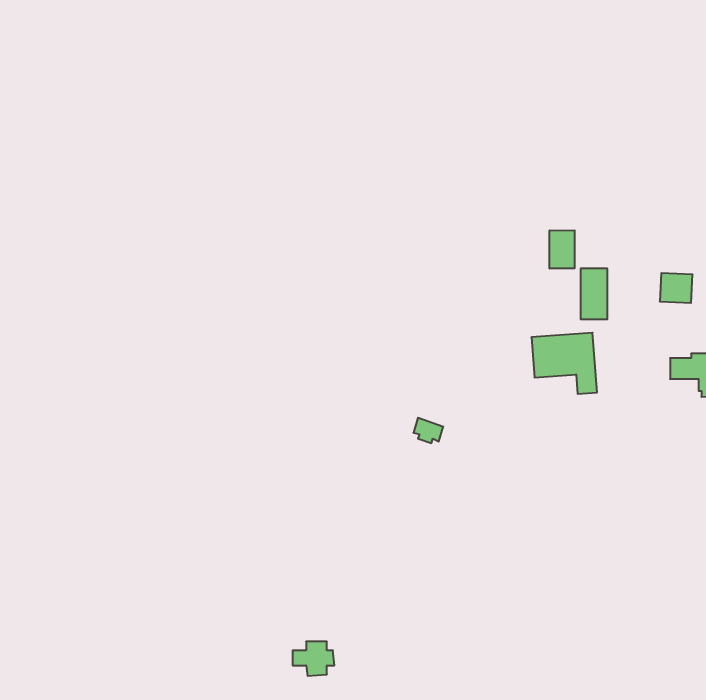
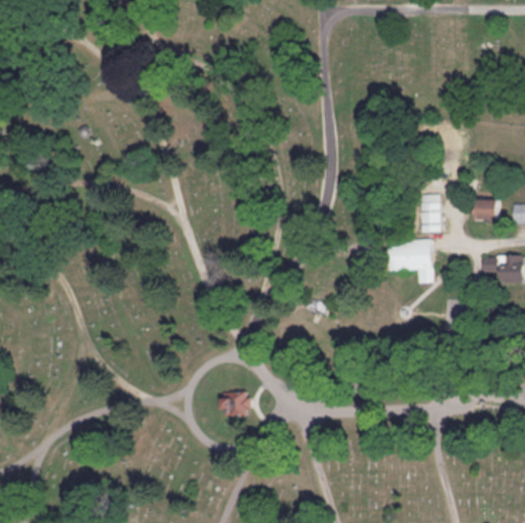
building: [550,230,575,269] -> none
building: [293,642,334,676] -> [221,393,250,416]

